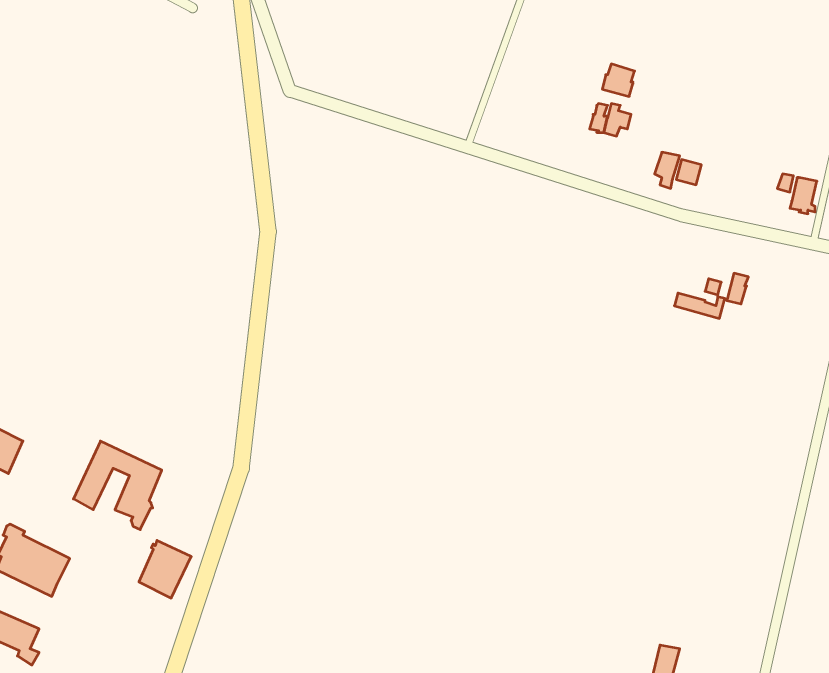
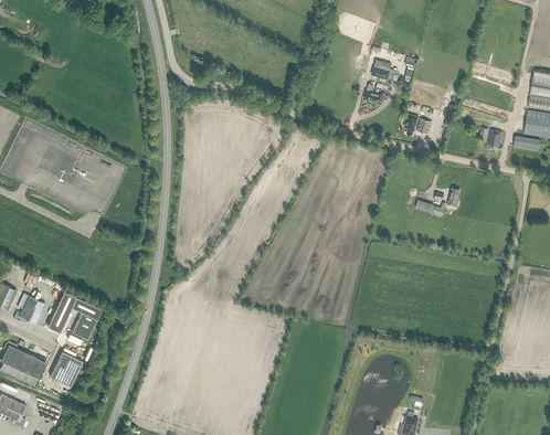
building: none -> [14,295,45,322]
building: [139,540,191,598] -> [51,350,83,385]

